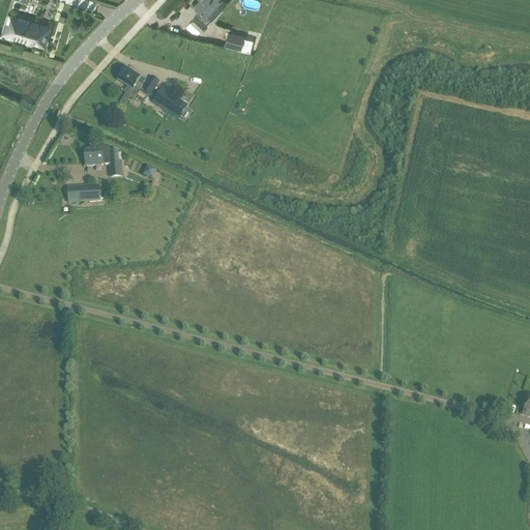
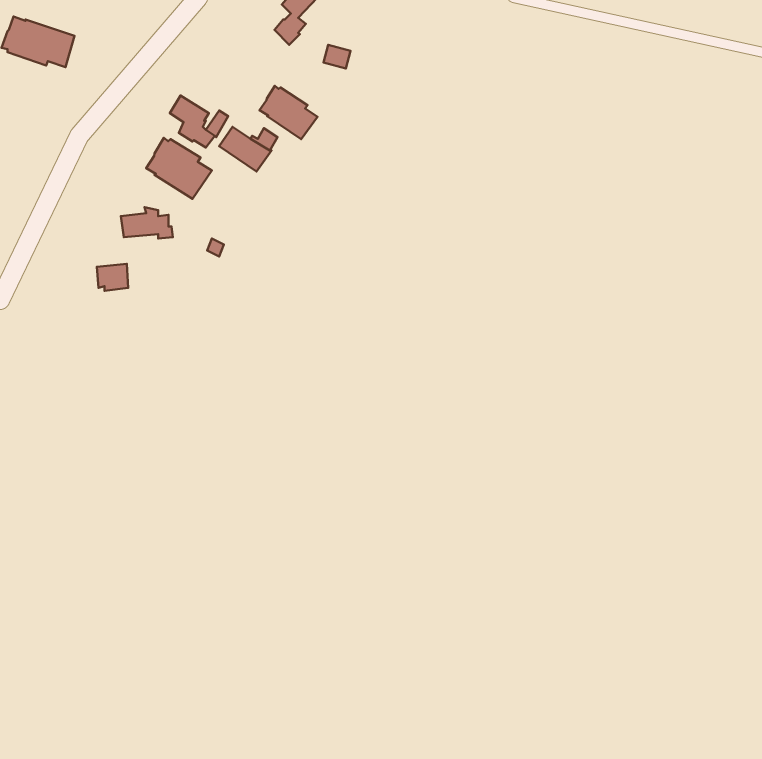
building: none -> [260,86,318,139]
building: none -> [146,138,212,199]

